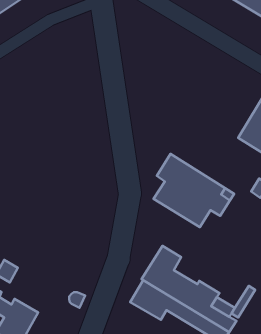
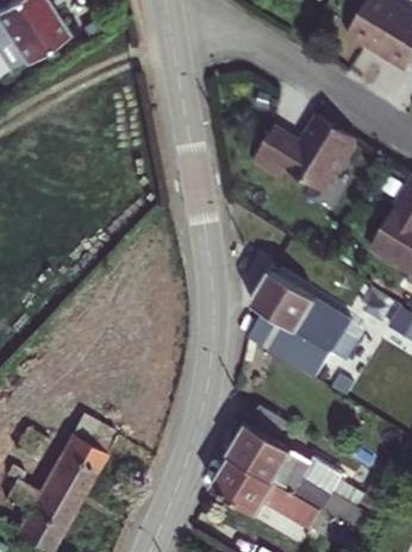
building: none -> [252,117,355,192]
building: none -> [43,416,117,504]

